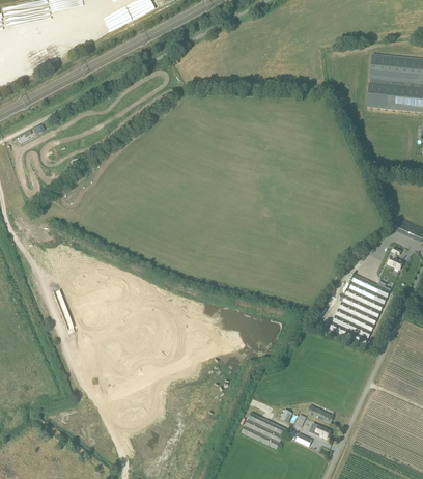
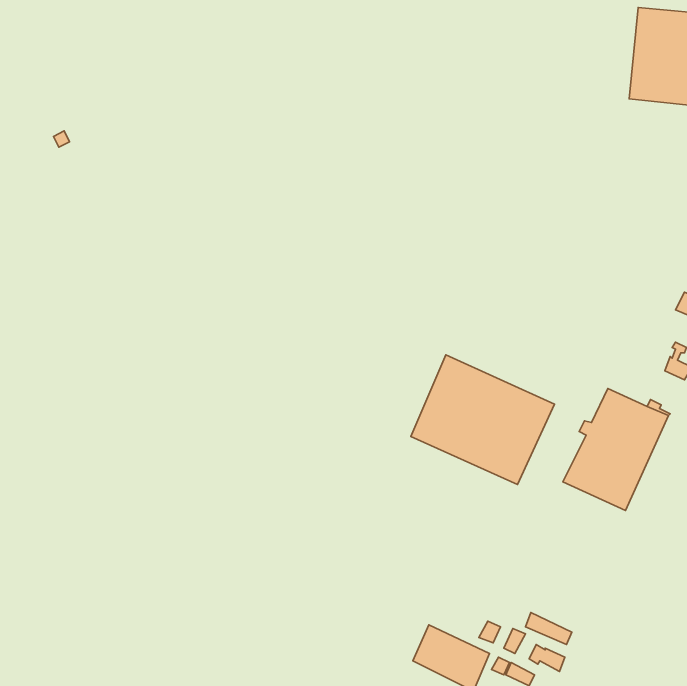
building: none -> [411,355,555,485]

